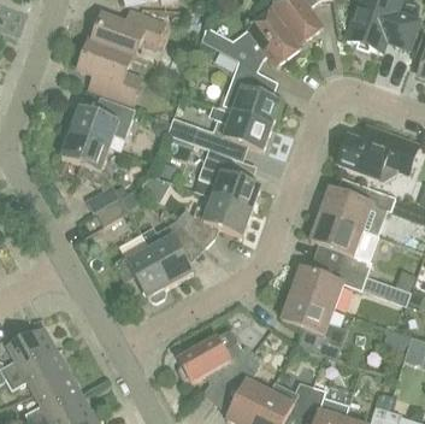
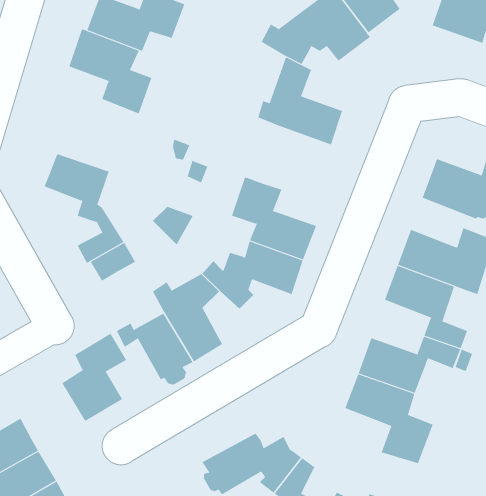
building: [70,102,135,145] -> none
building: [188,111,271,153] -> none
building: none -> [61,333,127,422]

